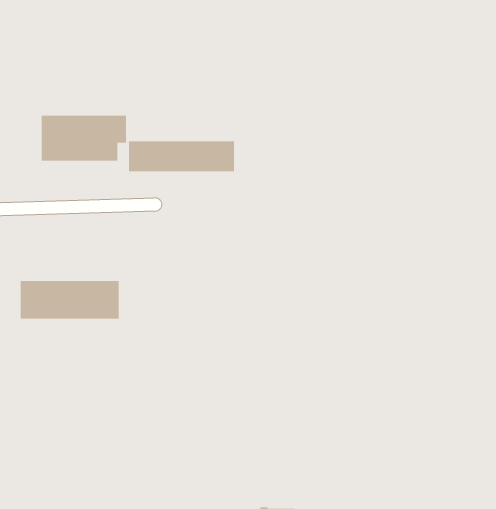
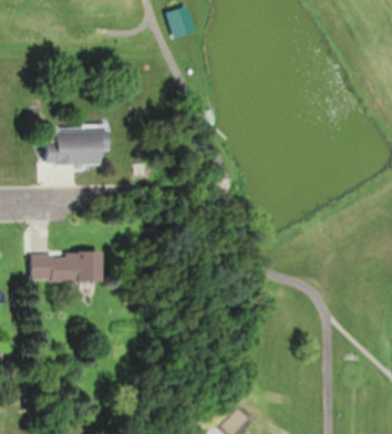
building: [128,141,234,172] -> none

